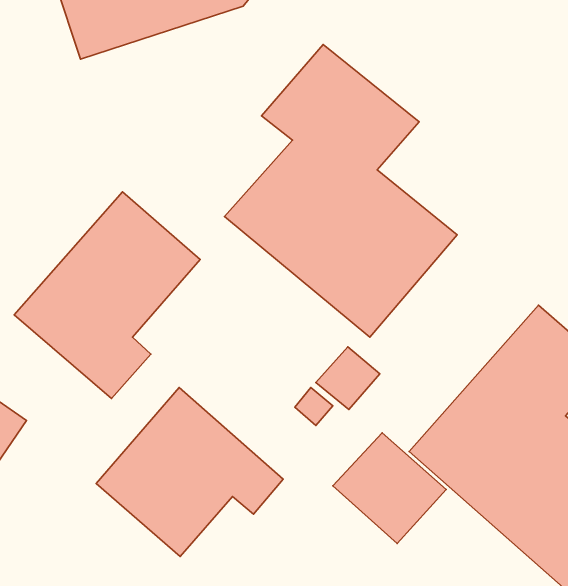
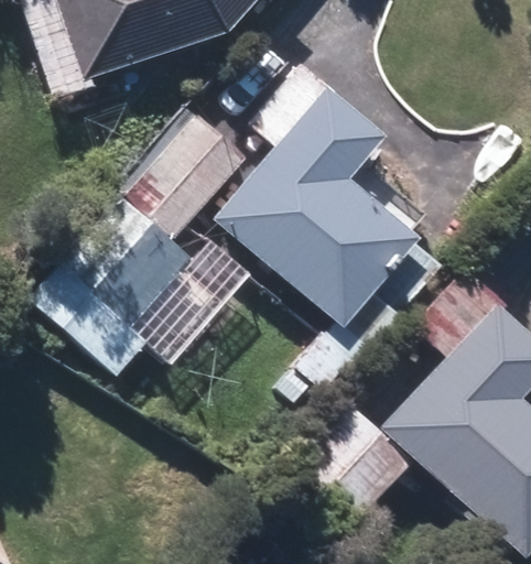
building: none -> [131,117,250,239]
building: [96,387,283,557] -> none

